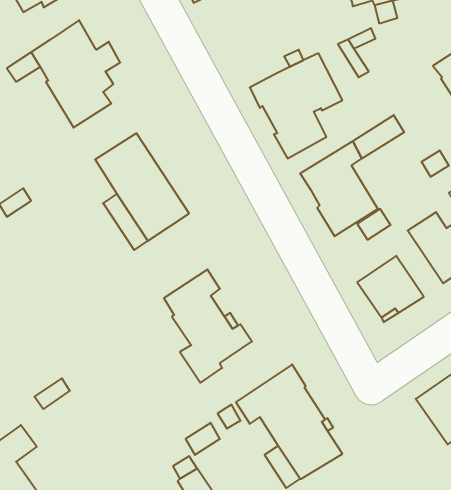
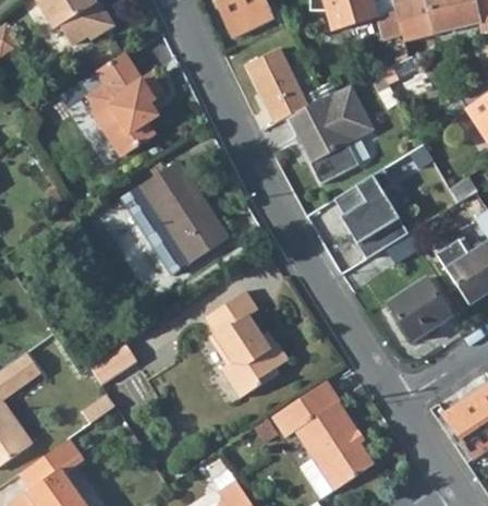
building: none -> [246,47,308,122]
building: none -> [88,344,136,385]

